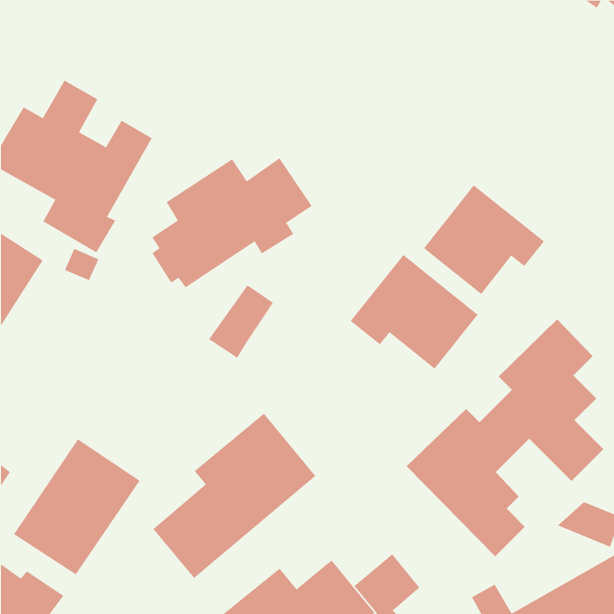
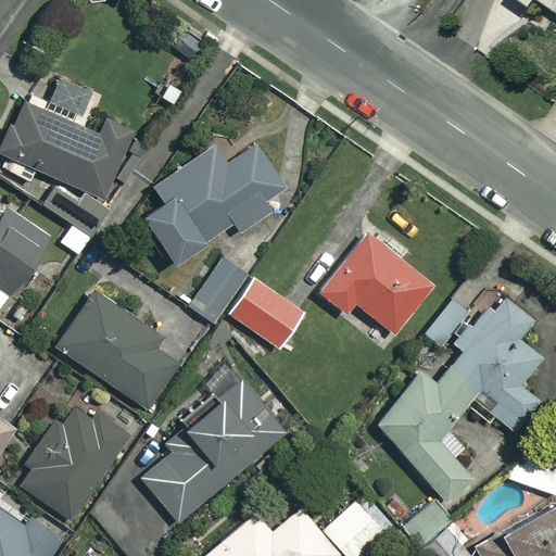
building: [423,184,545,295] -> none
building: none -> [226,276,317,348]
building: none -> [58,292,178,409]

